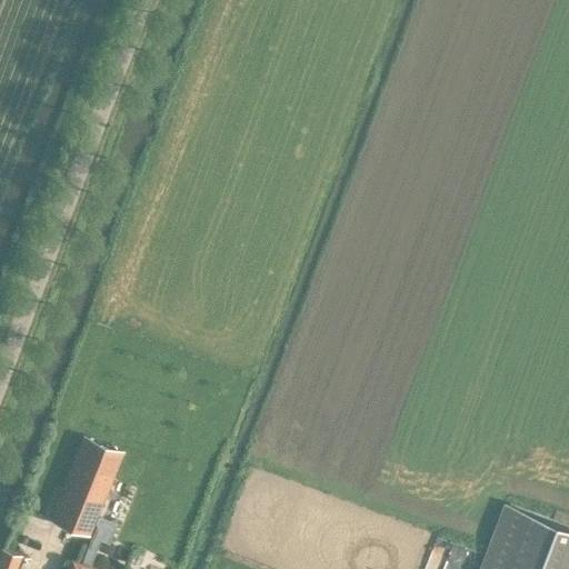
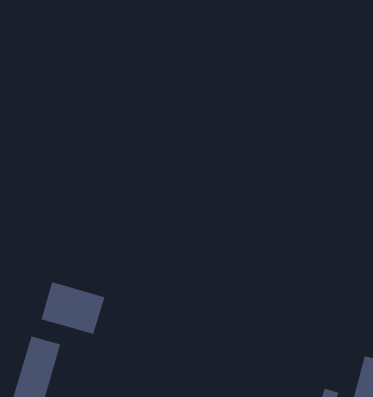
building: none -> [41,281,105,335]

